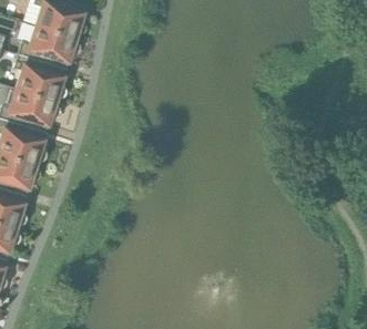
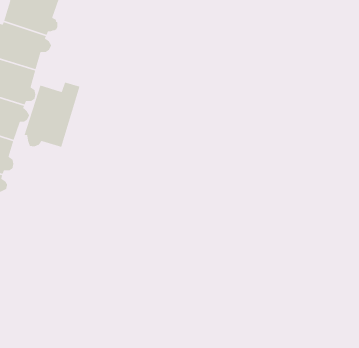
building: none -> [24,81,81,148]

